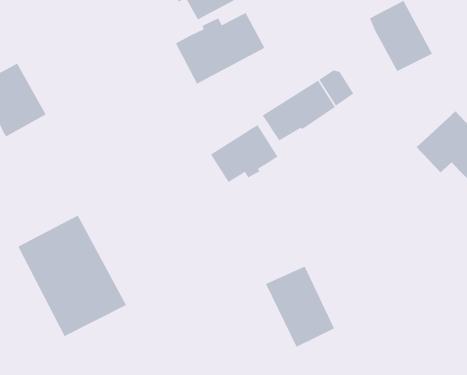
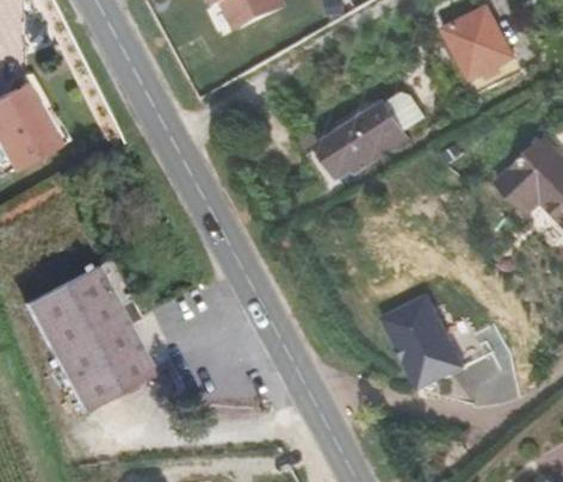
building: [175,12,265,84] -> none
building: [210,124,278,183] -> none
building: [265,266,335,347] -> [388,291,471,389]

